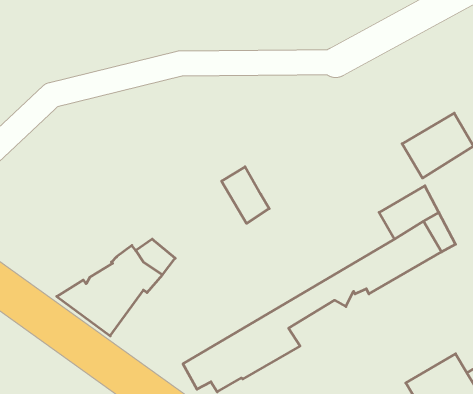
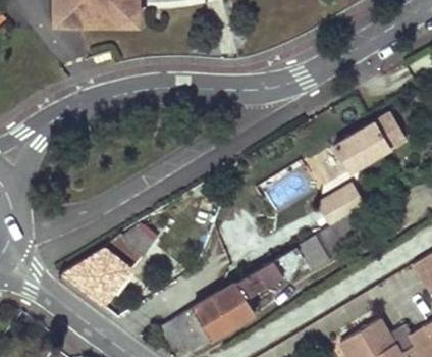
building: [222,167,269,223] -> none

